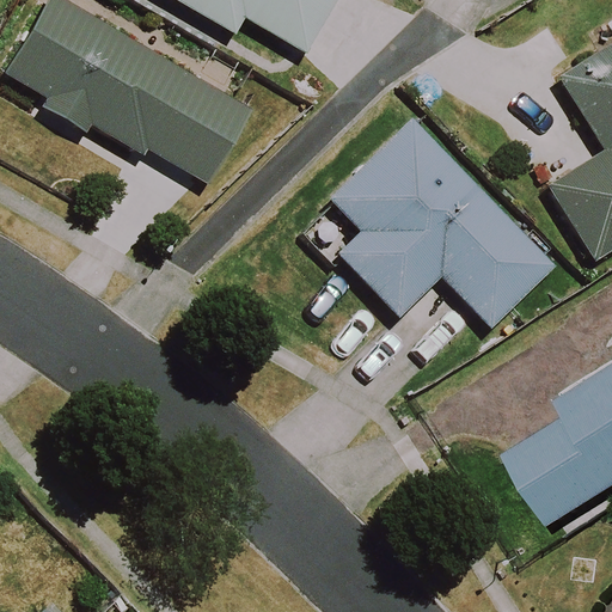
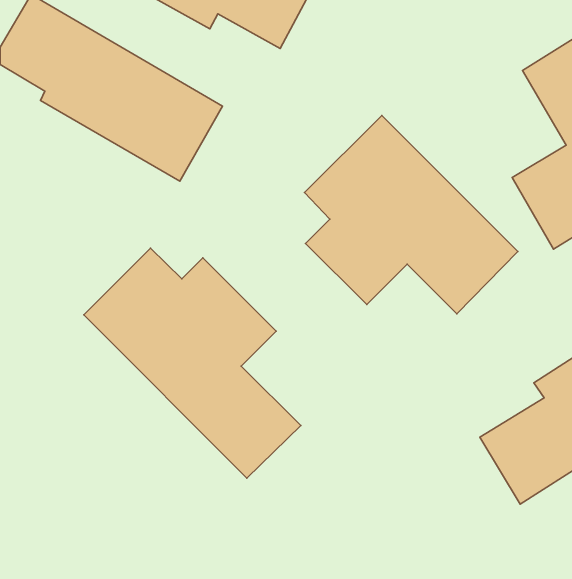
building: none -> [84,248,301,478]

